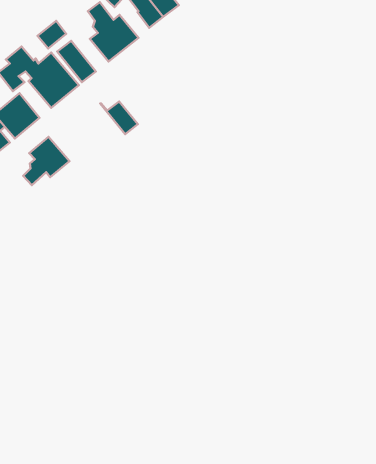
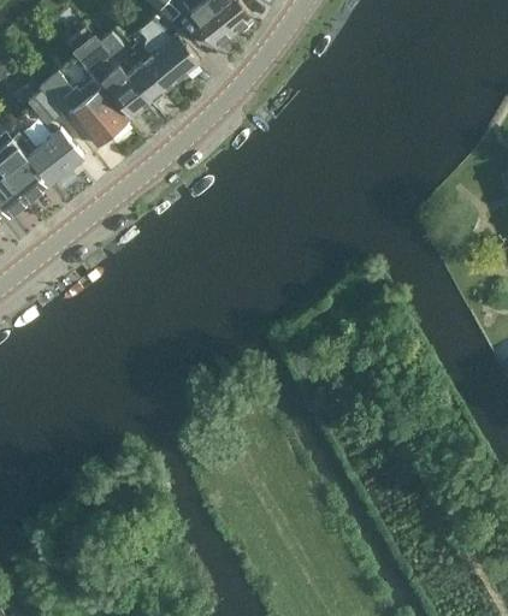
building: [100,102,138,134] -> [118,63,164,102]
building: [23,137,69,185] -> none

